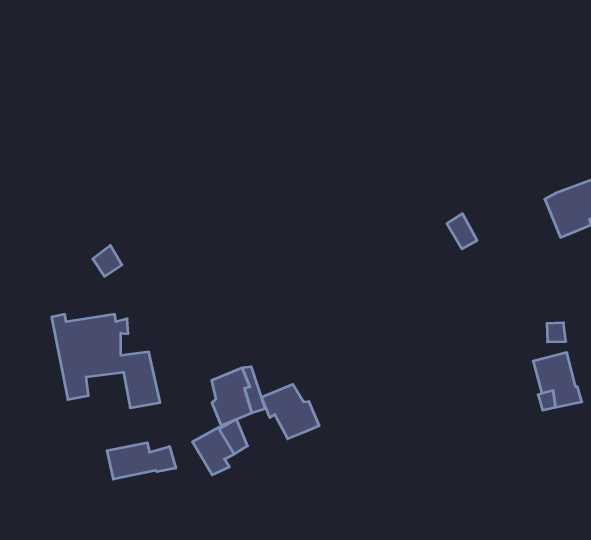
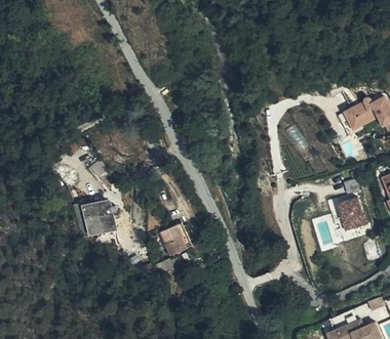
building: [261,384,319,439] -> none
building: [107,443,176,479] -> none

